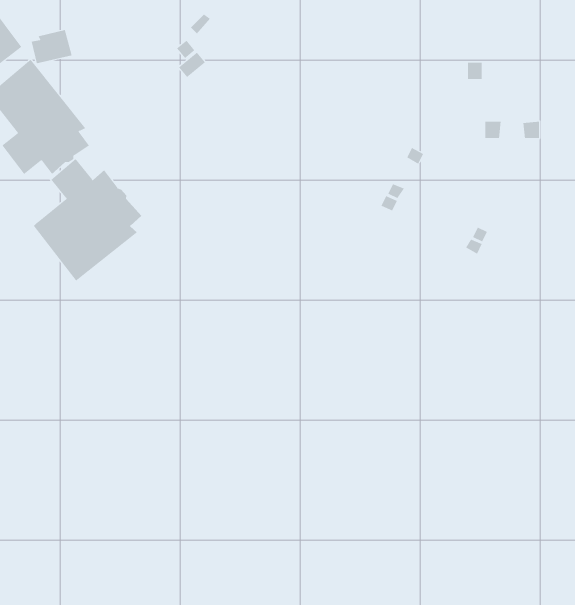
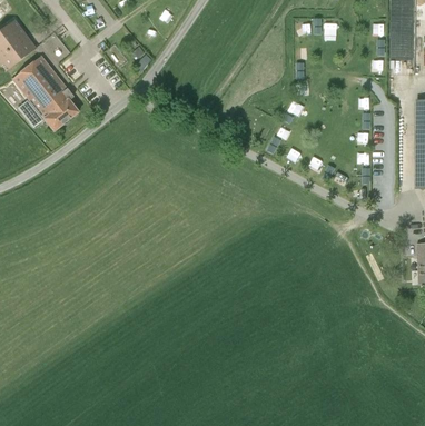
building: [33,158,142,282] -> none

